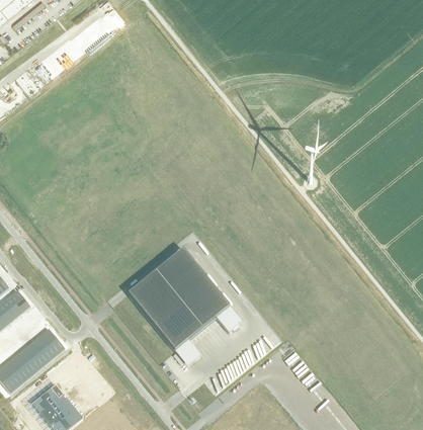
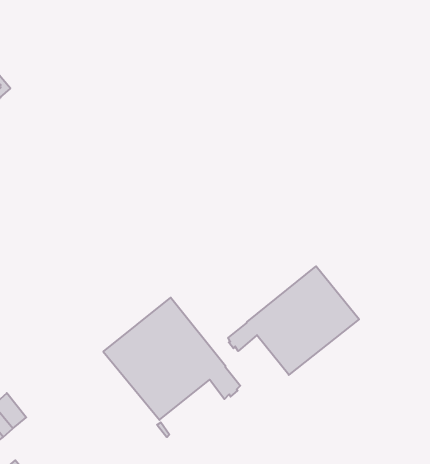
building: none -> [228,266,359,375]

